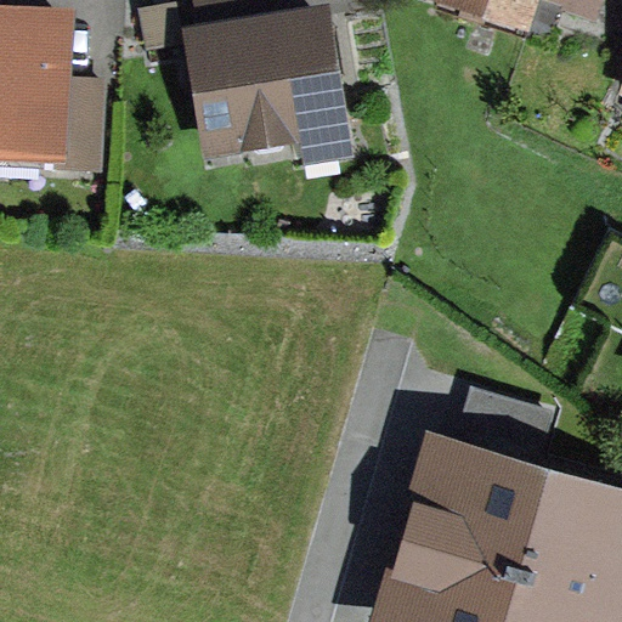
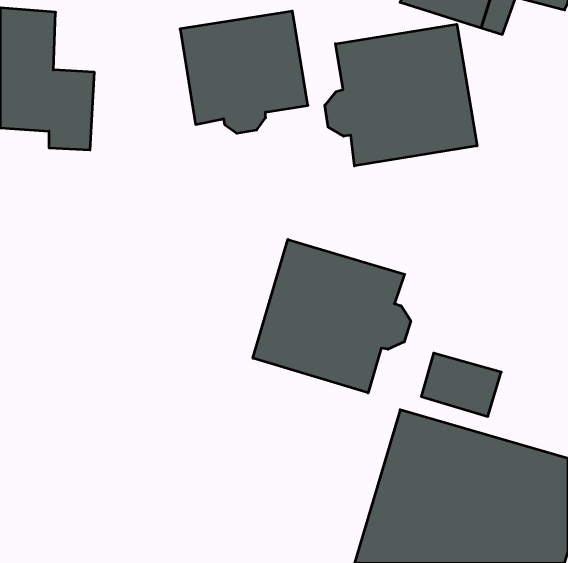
building: none -> [325,24,477,166]
building: none -> [253,239,411,393]

